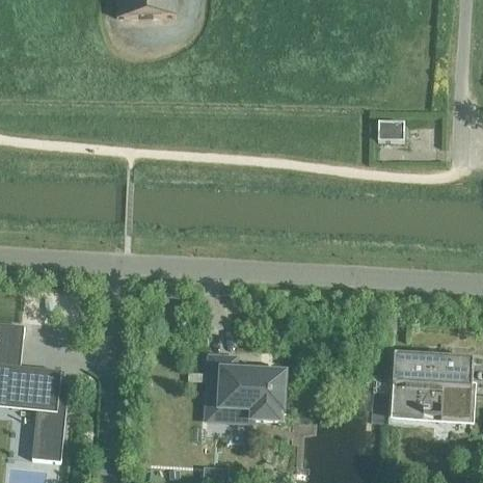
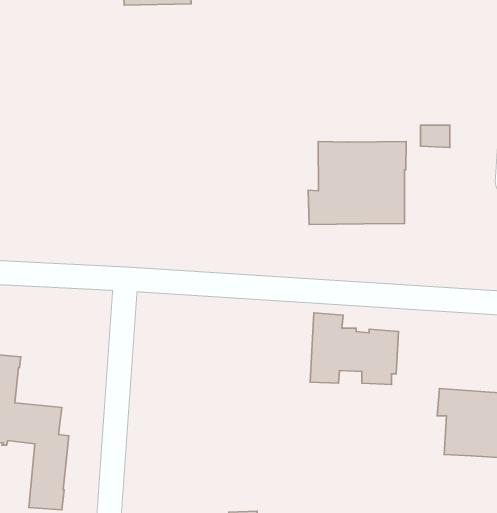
building: none -> [308,142,406,225]
building: [206,356,284,420] -> [310,313,398,384]

